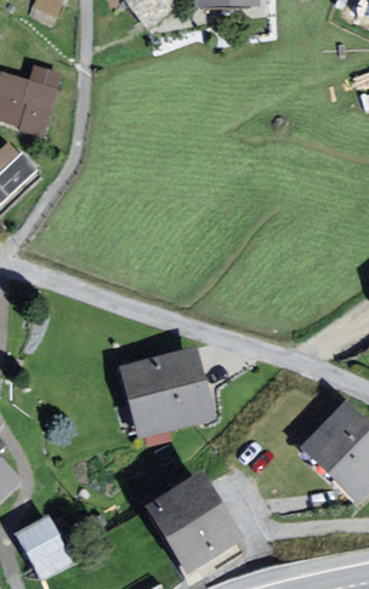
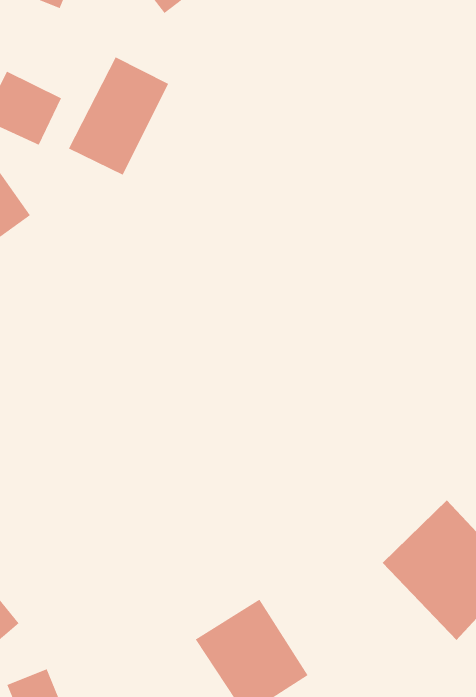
building: none -> [68,57,169,175]
building: [123,348,221,440] -> none

